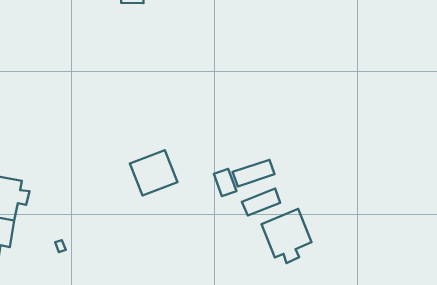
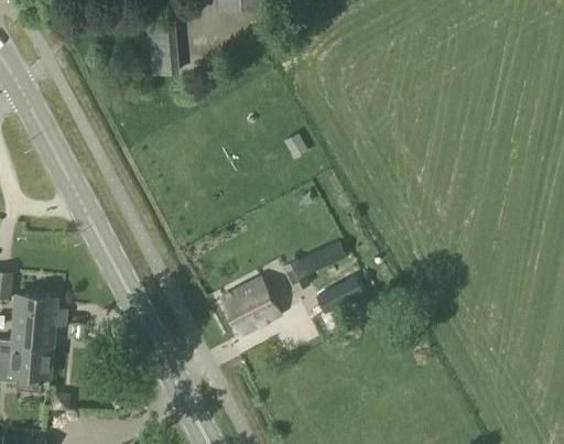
building: [130,150,178,196] -> [223,279,281,335]
building: [261,209,312,263] -> none

